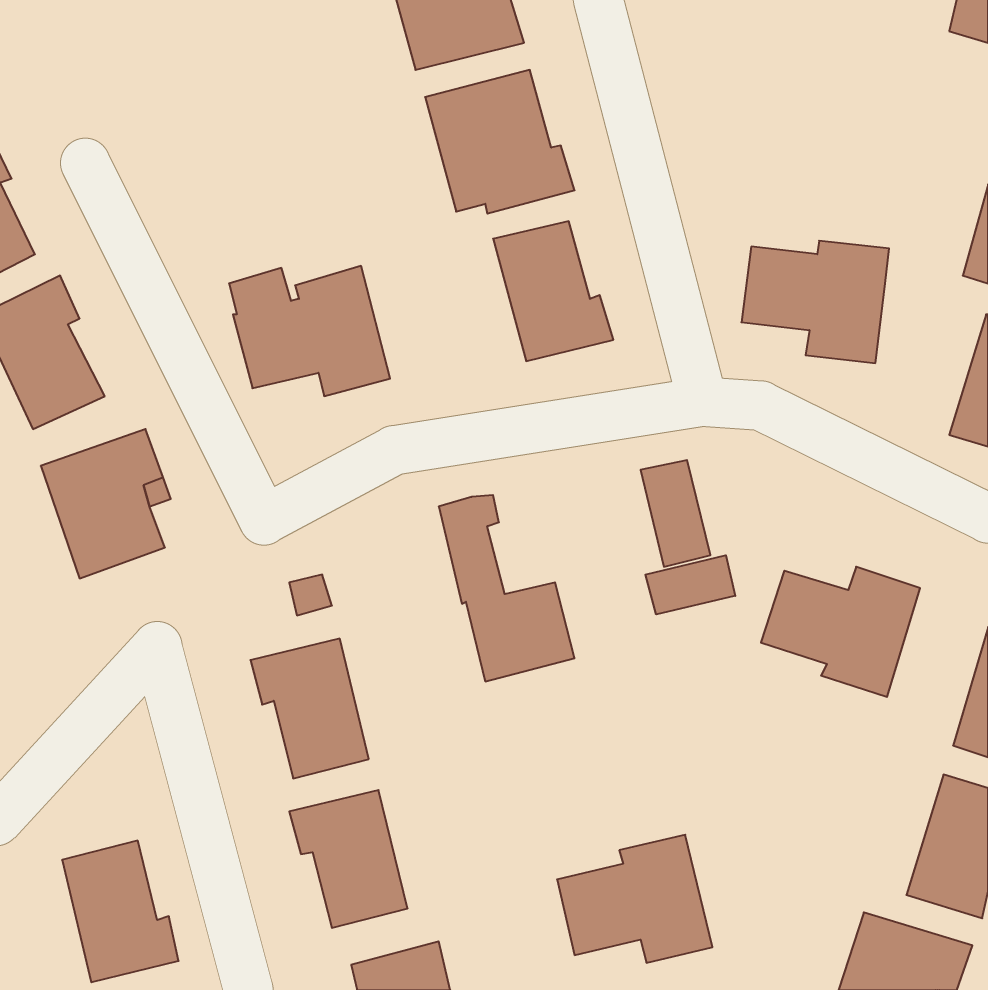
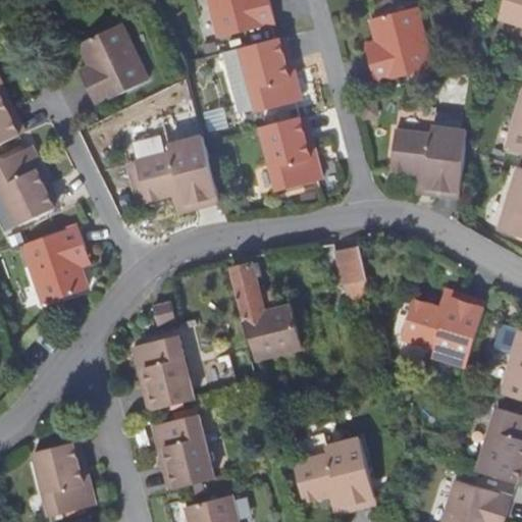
building: none -> [368,7,431,82]
building: none -> [77,22,148,105]
building: [645,555,735,614] -> none

